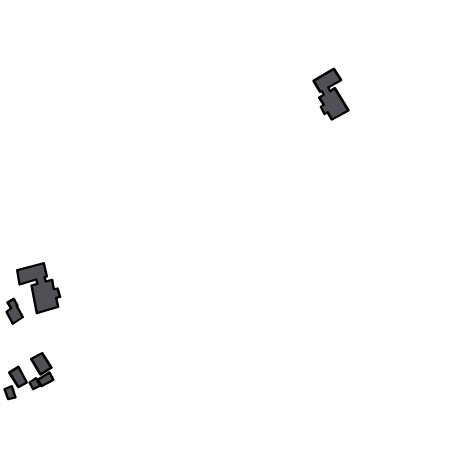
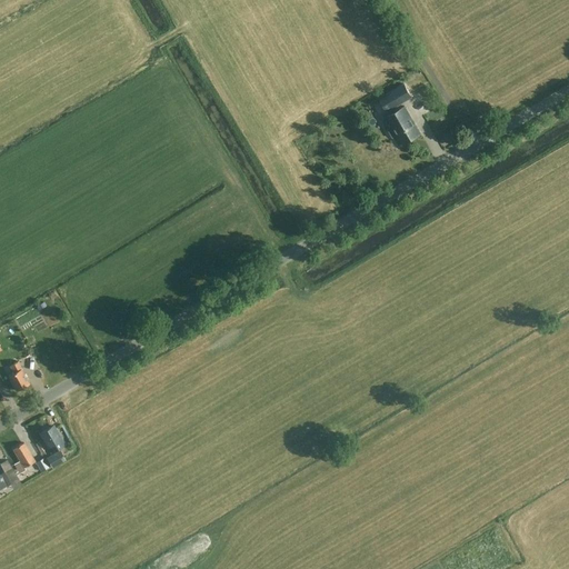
building: [17,263,60,313] -> none

